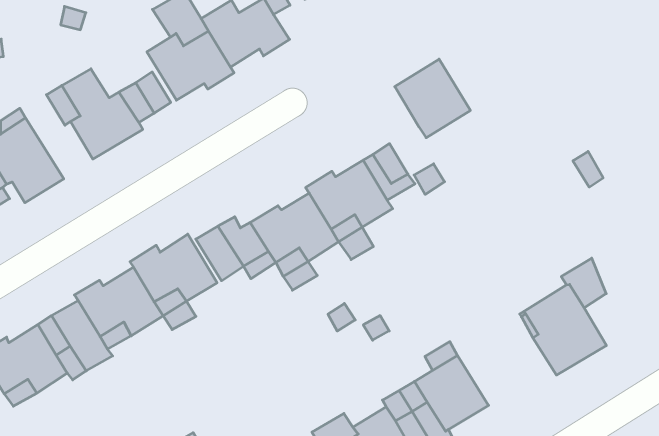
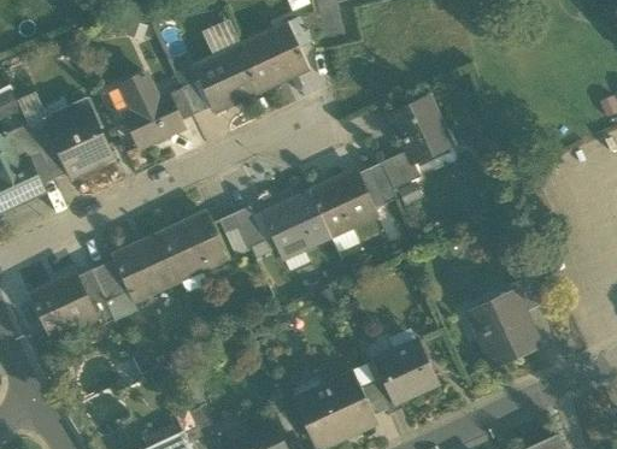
building: none -> [381,150,418,188]

